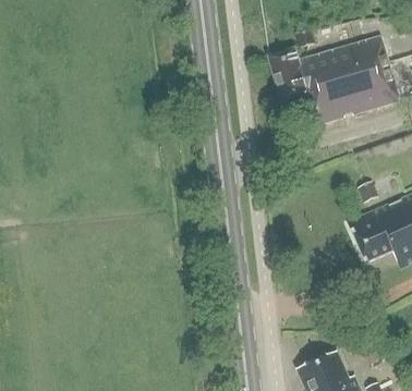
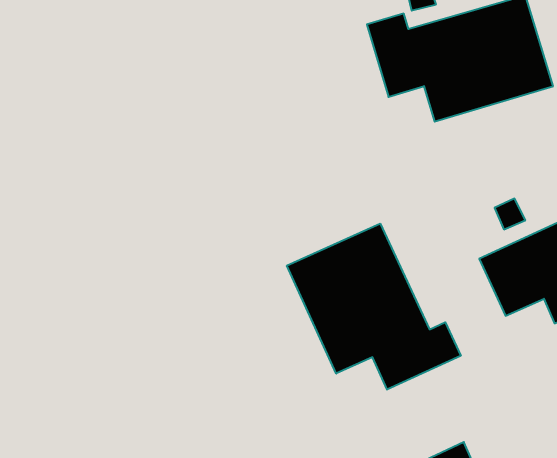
building: none -> [287,224,461,390]

